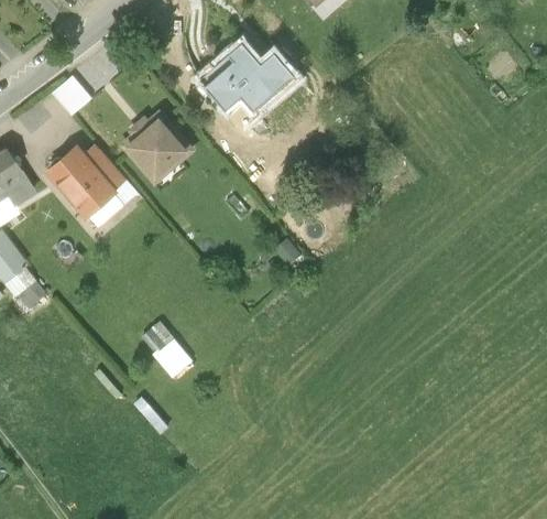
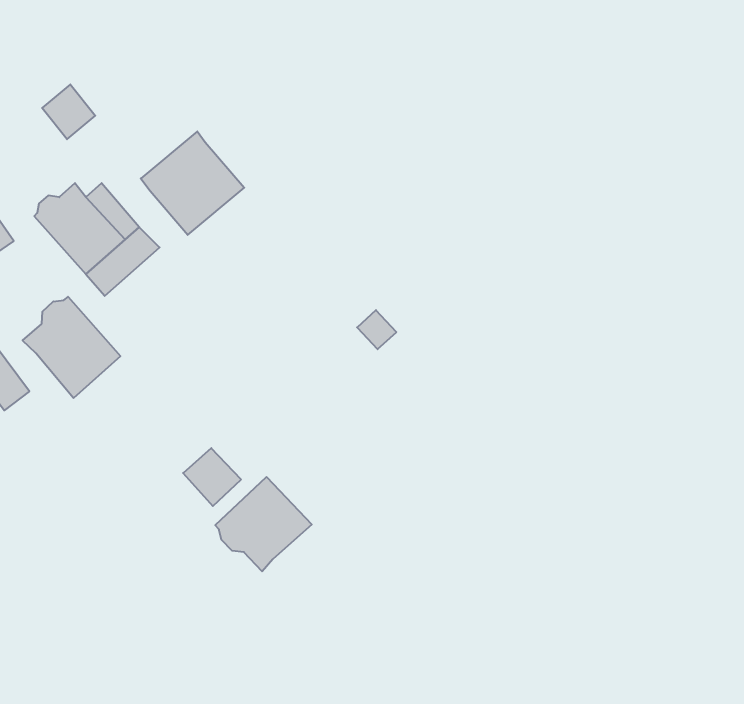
building: [200,41,296,117] -> none
building: none -> [23,297,120,398]
building: none -> [215,477,312,571]

